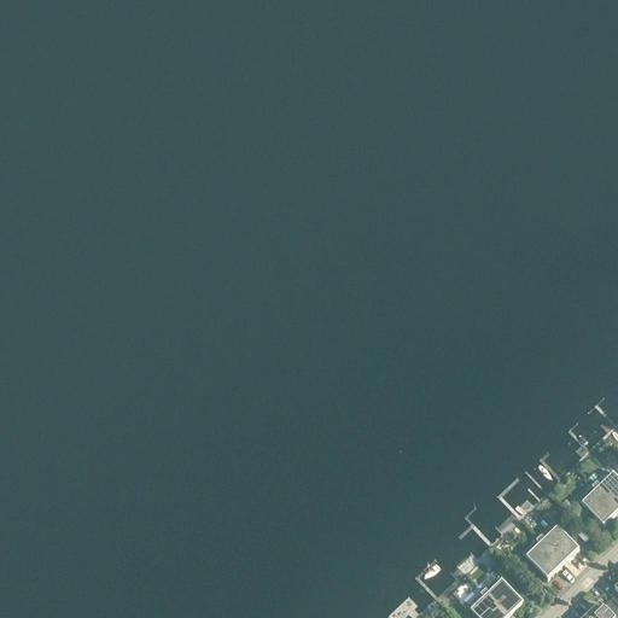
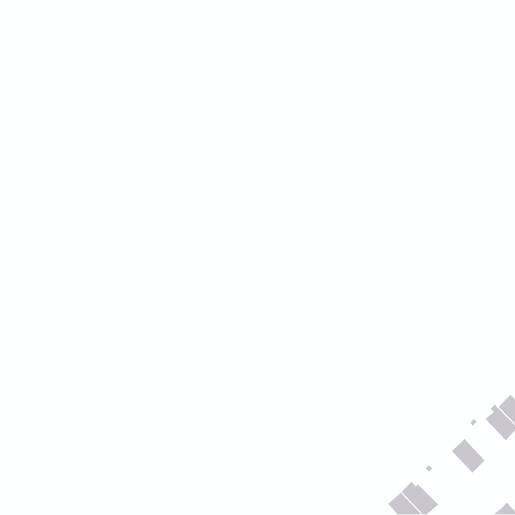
building: [525,538,566,579] -> none

